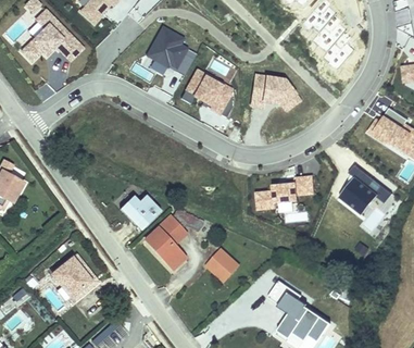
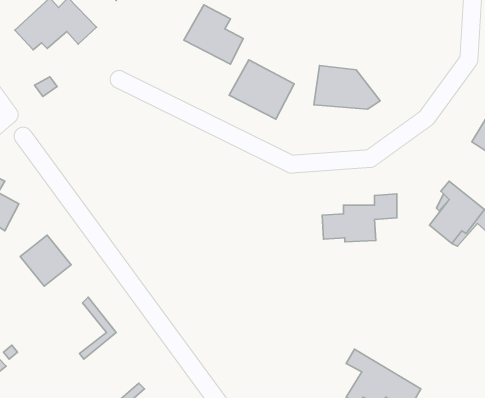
building: [118,194,161,232] -> none
building: [141,213,187,271] -> none
building: [206,249,238,281] -> none
building: [51,258,90,297] -> [20,235,71,286]

